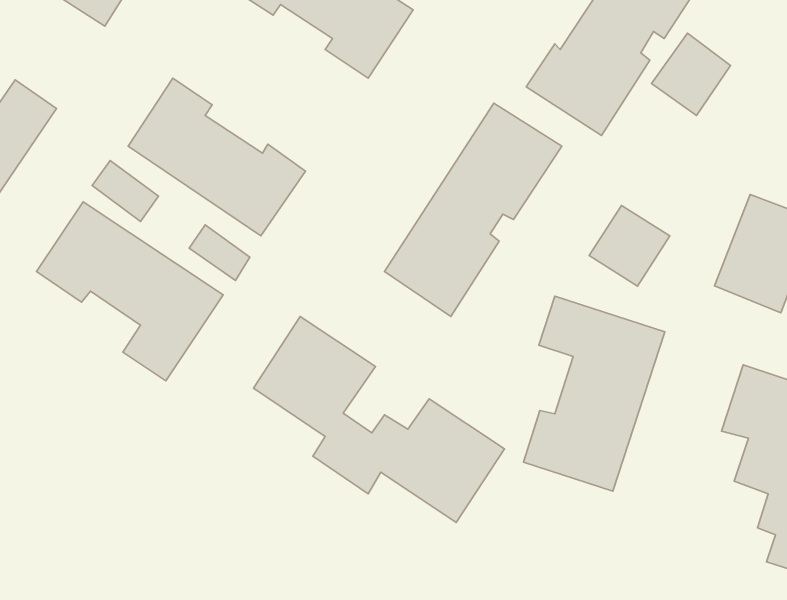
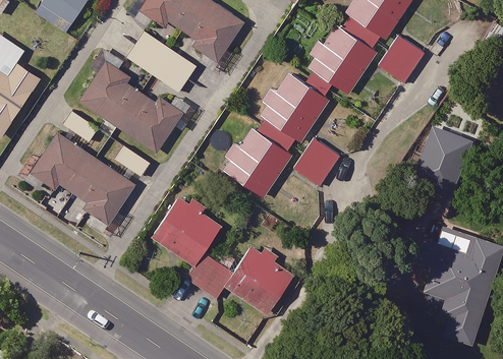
building: none -> [128,33,195,91]
building: [589,205,670,286] -> [292,138,338,184]
building: [523,296,665,491] -> none

